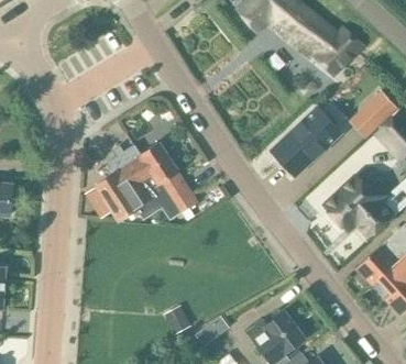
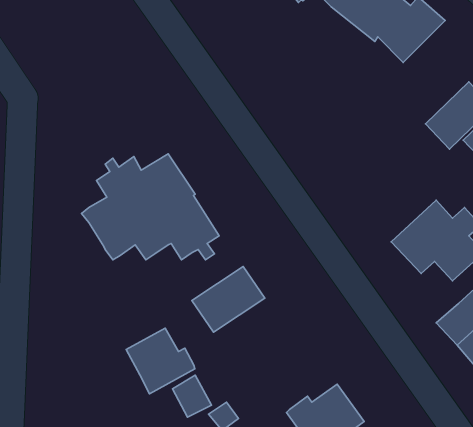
building: [272,108,340,176] -> none
building: none -> [192,266,265,332]
building: none -> [126,328,195,394]

